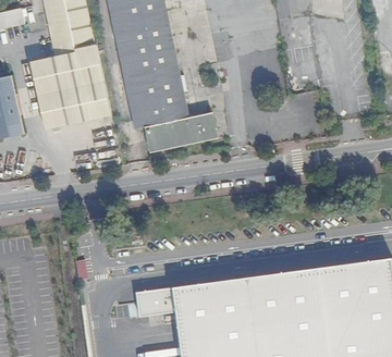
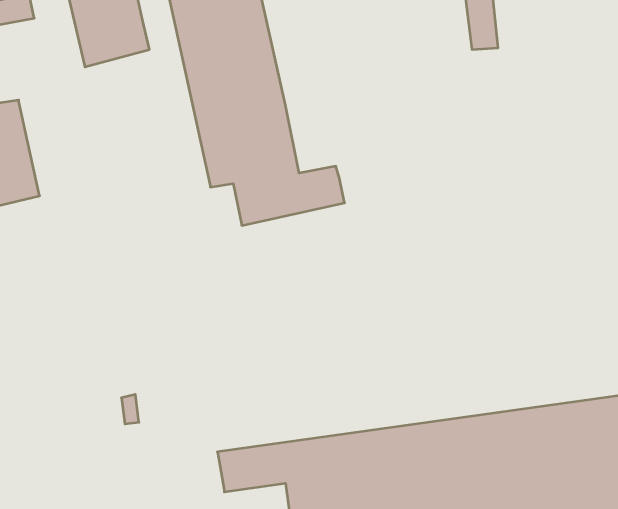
building: [27,46,109,125] -> none

